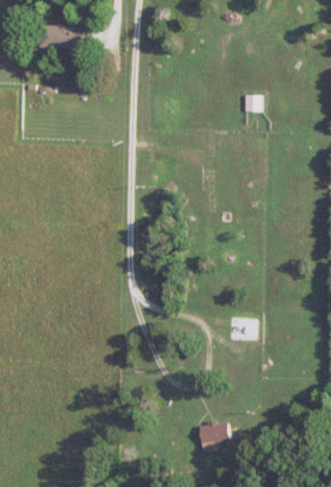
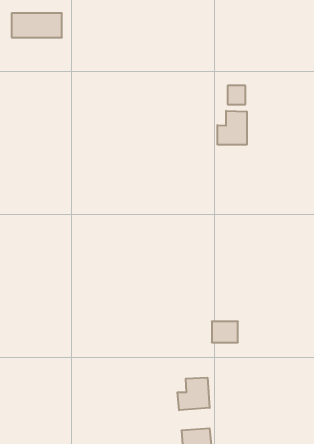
building: none -> [217,111,247,145]
building: none -> [177,378,210,410]

